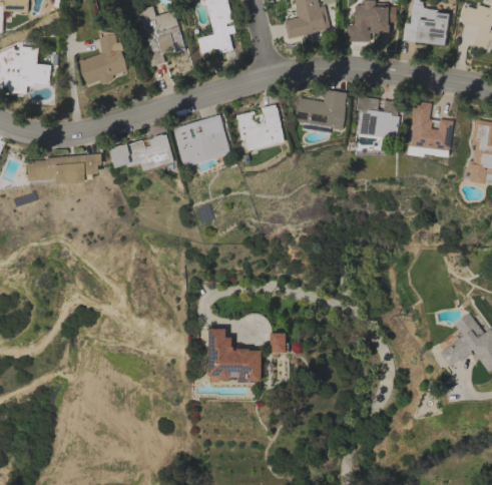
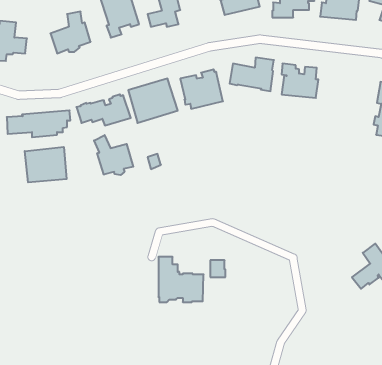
building: [410,101,453,151] -> none
building: none -> [94,135,133,175]
building: none -> [25,147,67,182]

